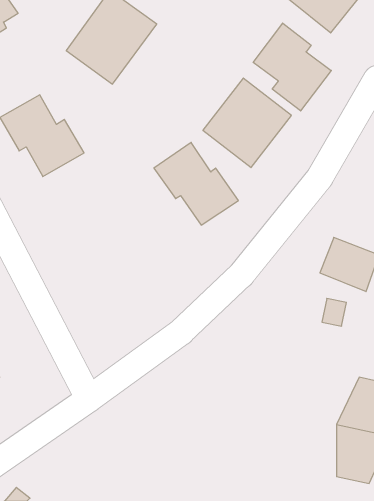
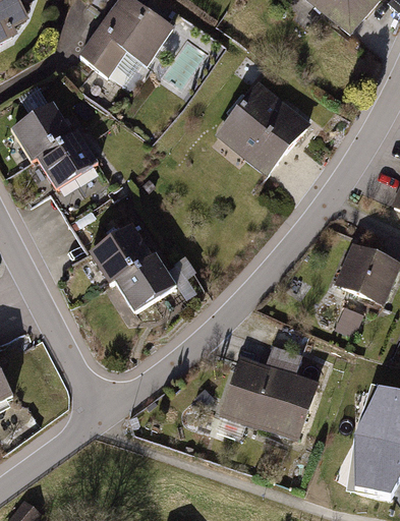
building: [253,23,331,111] -> none
building: [154,142,238,225] -> [89,220,176,305]
building: none -> [216,349,316,444]

